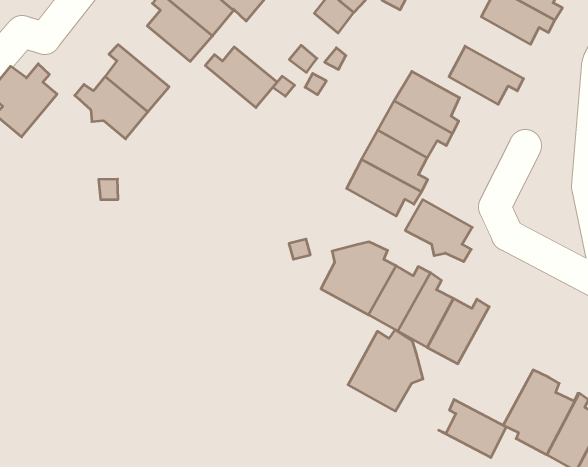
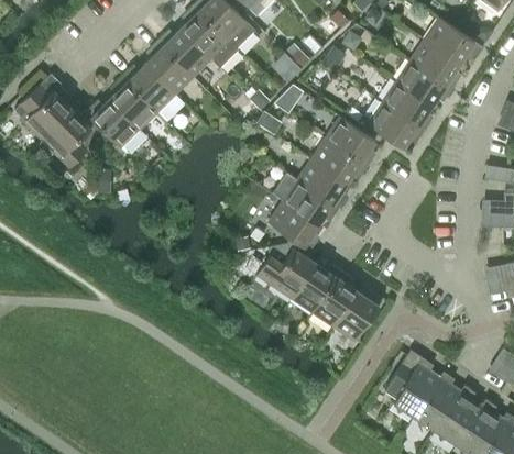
building: none -> [382,81,431,131]
building: [205,47,277,108] -> [121,65,174,112]
building: none -> [42,110,96,168]
building: [405,200,472,262] -> [267,201,318,251]
building: [348,330,423,411] -> none
building: [439,399,506,458] -> none

